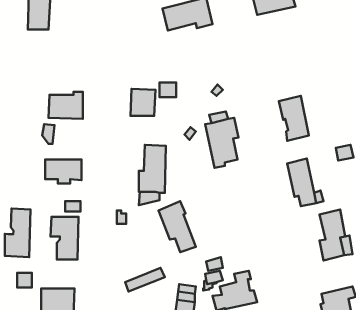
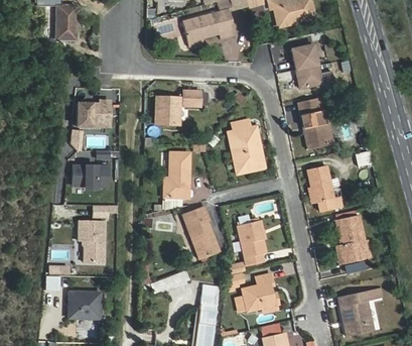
building: none -> [291,43,321,88]
building: [5,209,30,257] -> none
building: none -> [237,220,265,265]

